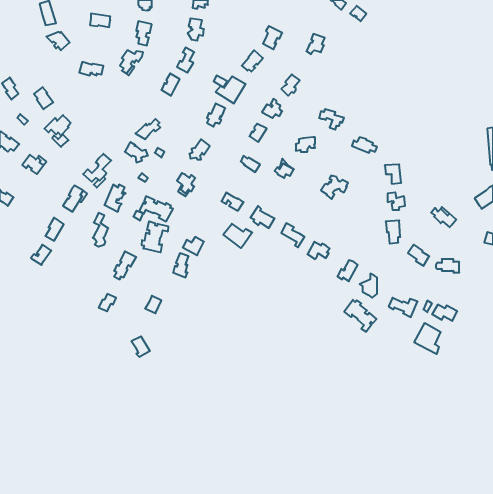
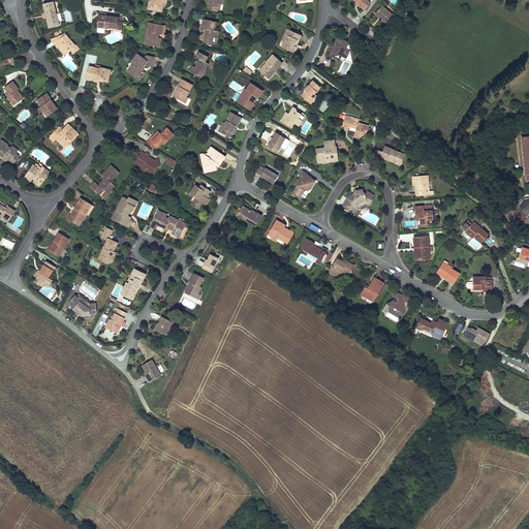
building: [142,221,168,252] -> none
building: [223,224,252,248] -> none
building: none -> [68,293,95,316]
building: [344,300,376,332] -> none
building: [414,323,441,354] -> none

